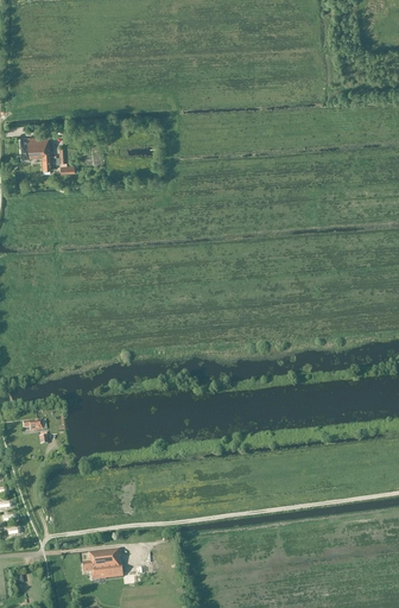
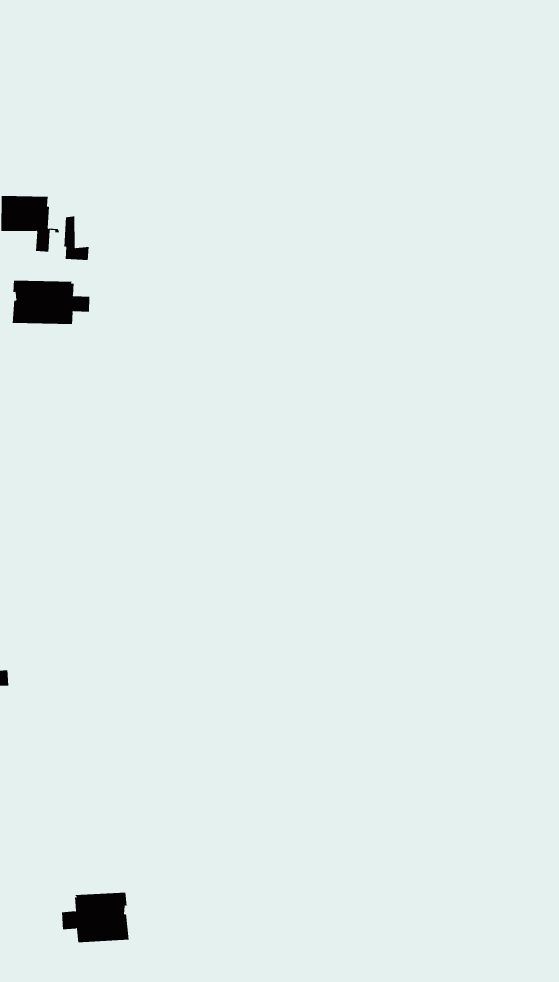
building: none -> [12,280,90,325]

